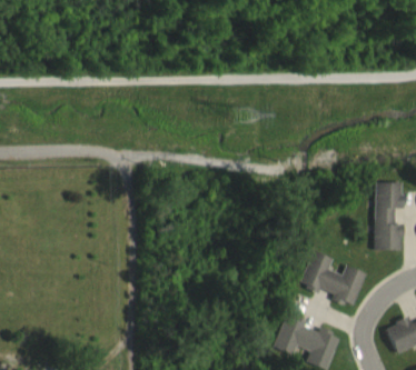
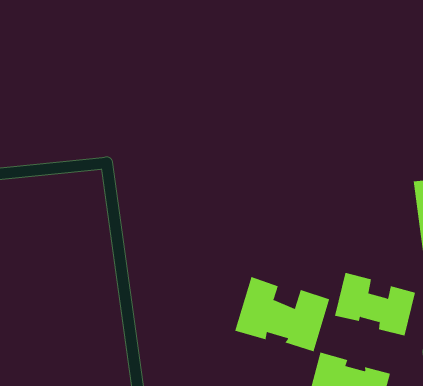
building: none -> [234,276,330,352]

